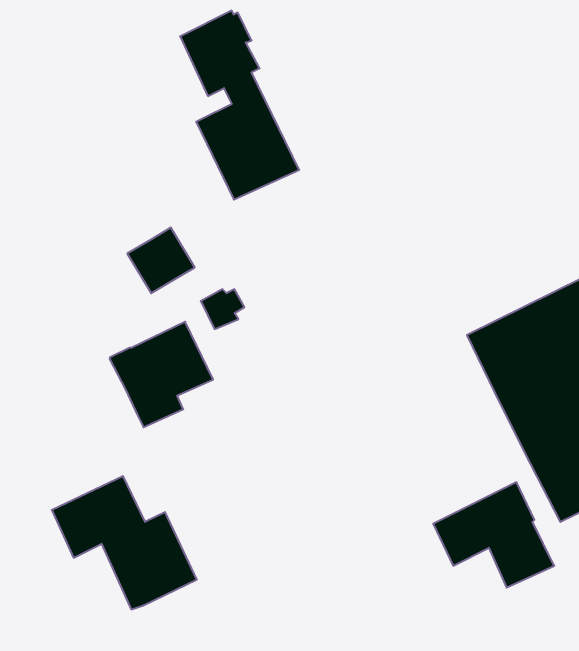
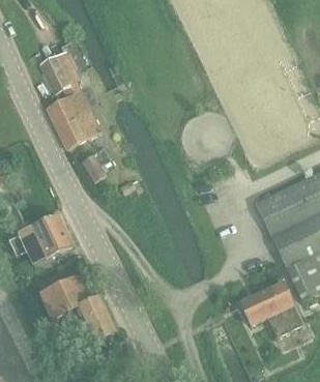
building: [180,11,299,200] -> [37,49,99,147]
building: [110,322,213,427] -> [18,214,71,269]

